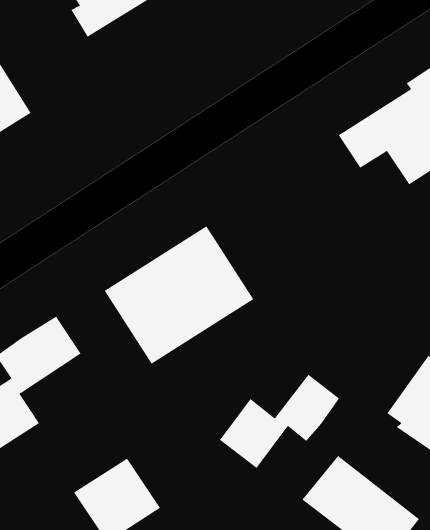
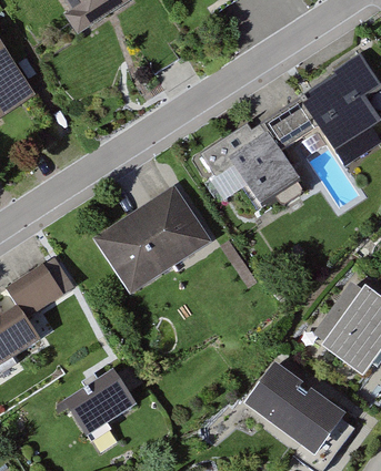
building: none -> [198,112,299,206]
building: [219,374,340,469] -> none

